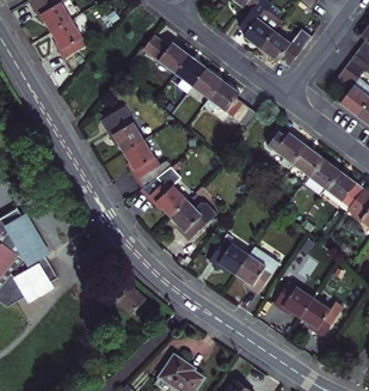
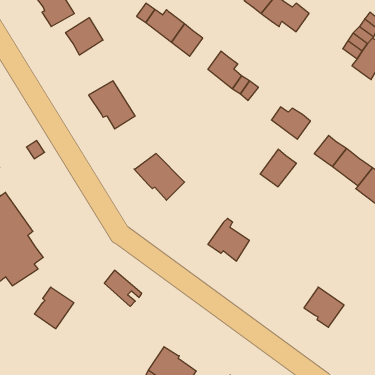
building: none -> [66,18,103,55]
building: [187,68,222,105] -> none
building: [124,140,165,189] -> none
building: [288,145,321,179] -> [260,149,296,187]
building: [172,201,215,240] -> none
building: [236,255,272,292] -> none
building: [273,282,312,317] -> none
building: none -> [35,287,74,329]

